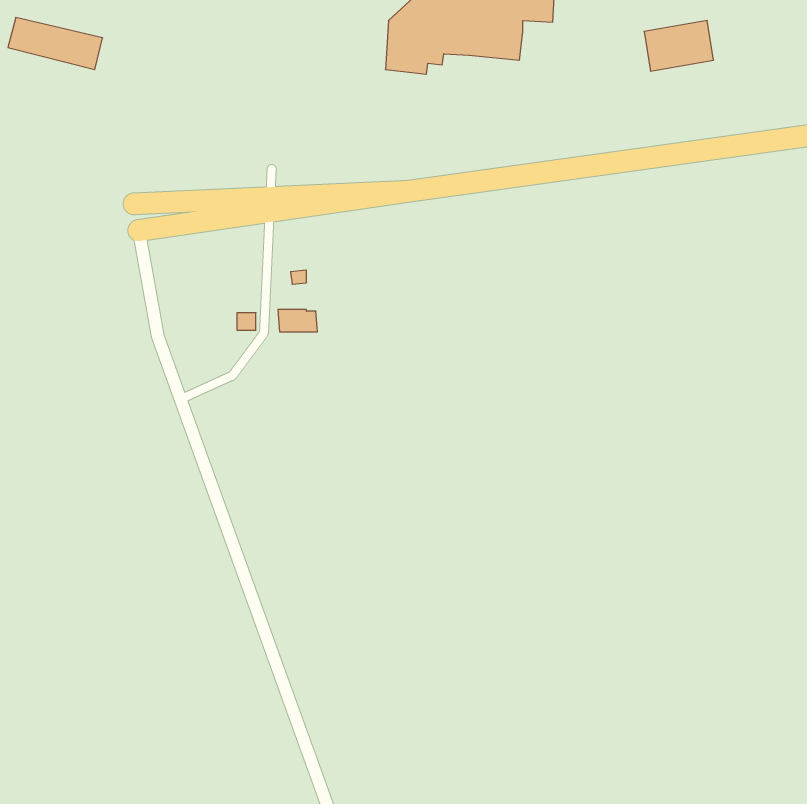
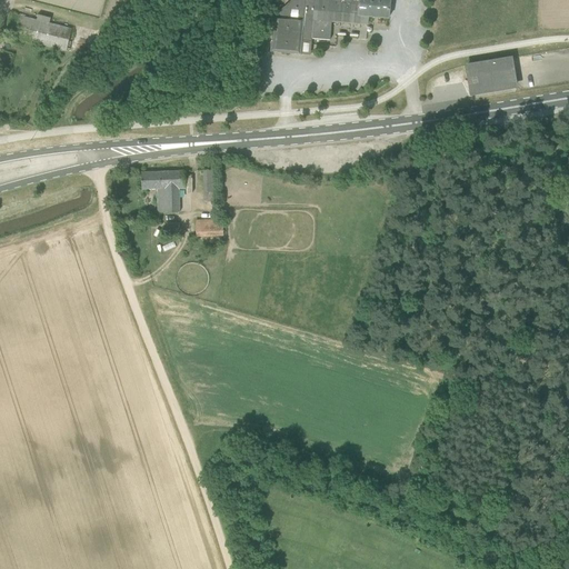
building: [644,21,714,71] -> [467,56,516,91]
building: none -> [141,169,186,210]

